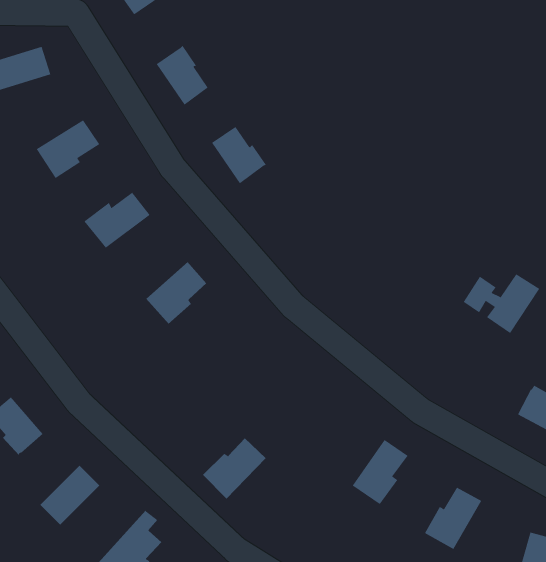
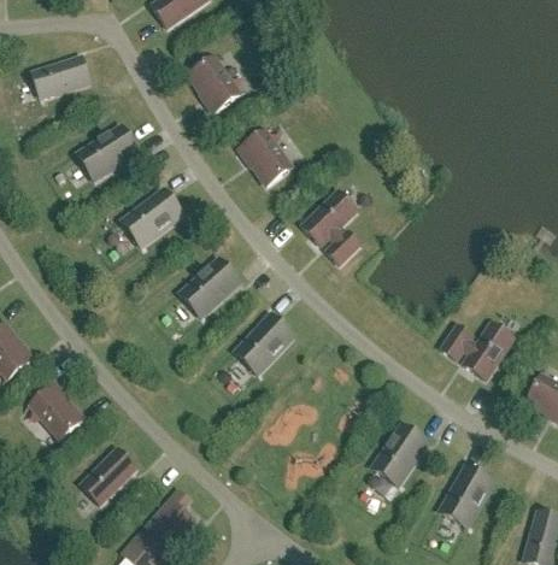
building: none -> [301,190,360,264]
building: [463,273,540,334] -> [441,323,513,379]
building: [202,438,267,499] -> [234,317,294,375]

